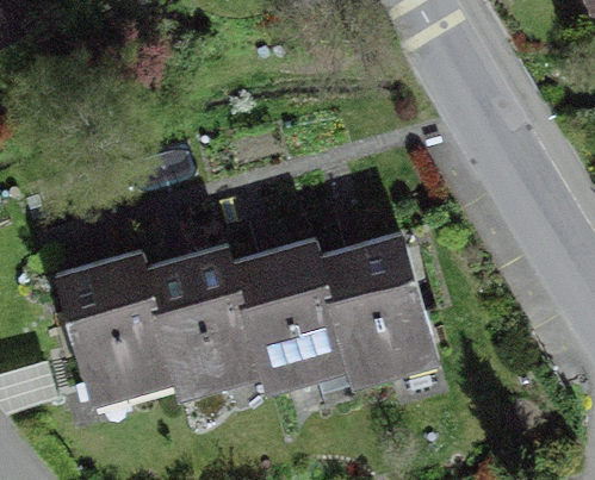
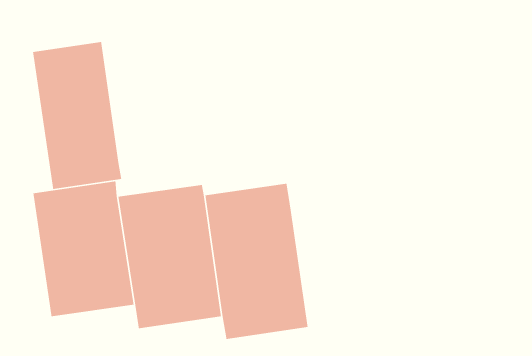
building: none -> [32,41,122,190]
building: [326,236,440,387] -> none

